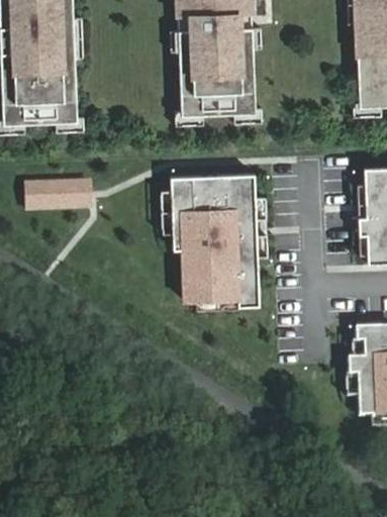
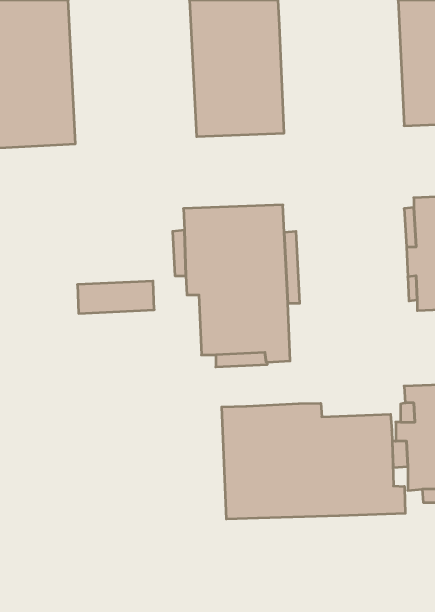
building: [26,181,91,208] -> [77,281,154,313]
building: none -> [222,403,405,519]

